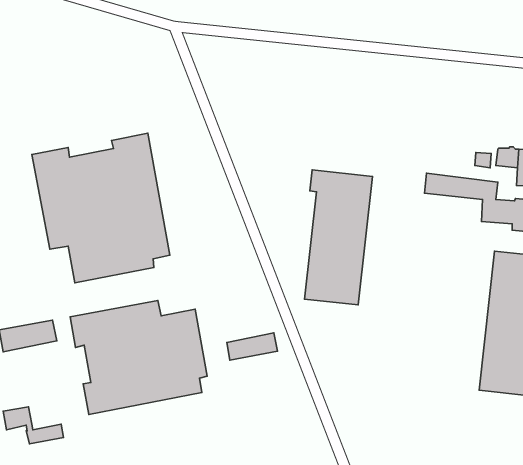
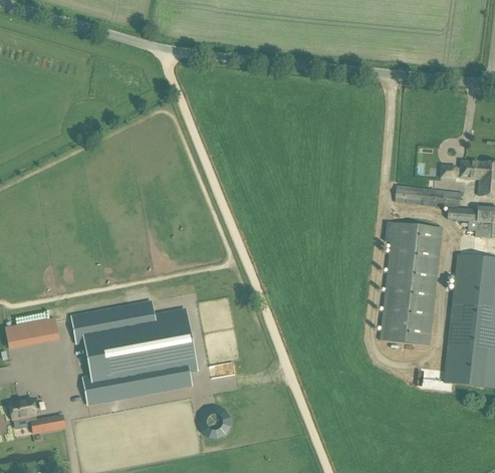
building: [32,133,170,283] -> none
building: [304,170,372,305] -> [380,222,442,345]
building: [227,333,277,360] -> none

